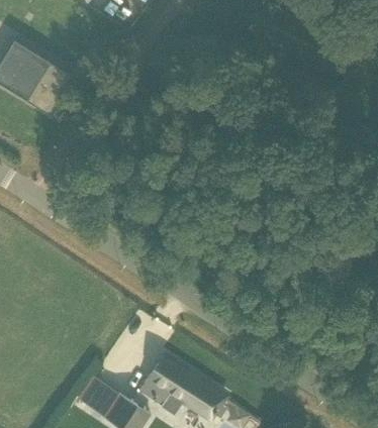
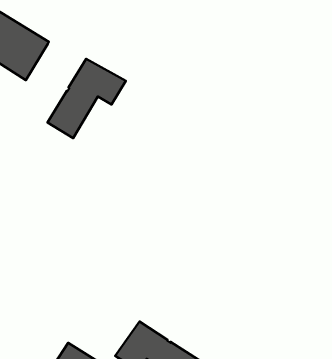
building: none -> [47,59,126,138]

